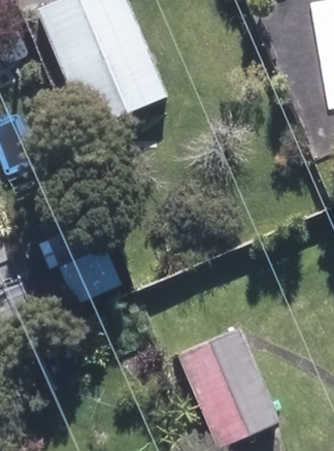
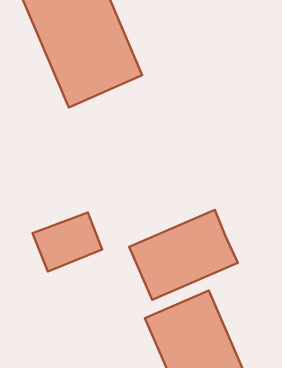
building: none -> [129,210,238,300]

